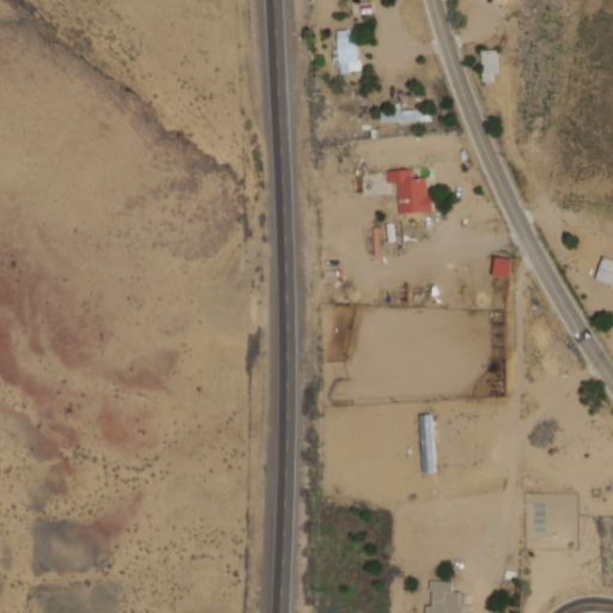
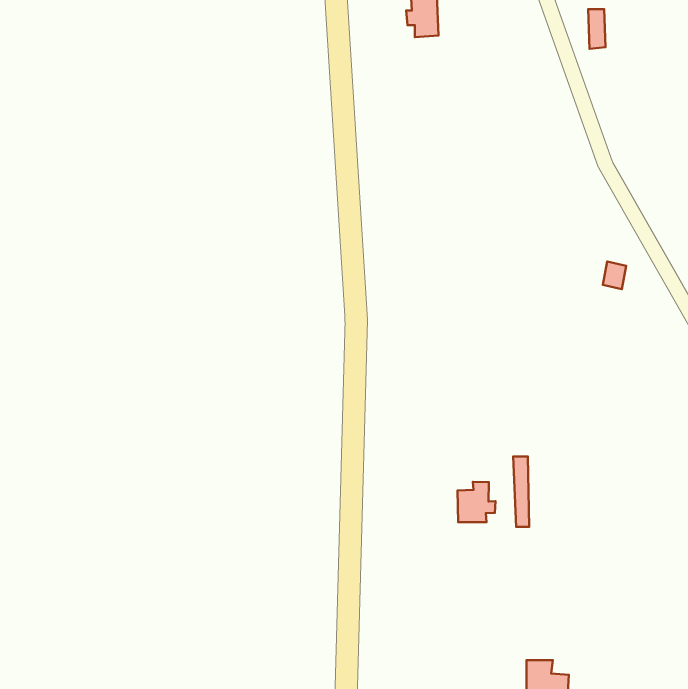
building: [388,170,430,214] -> none
building: none -> [457,482,496,522]

